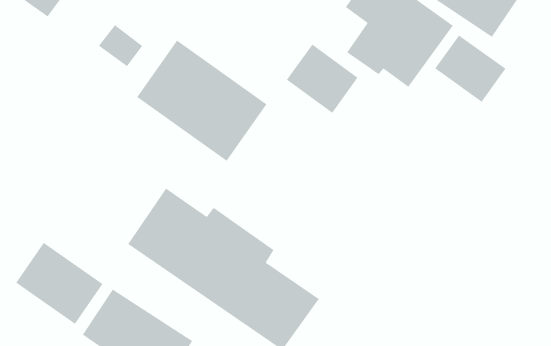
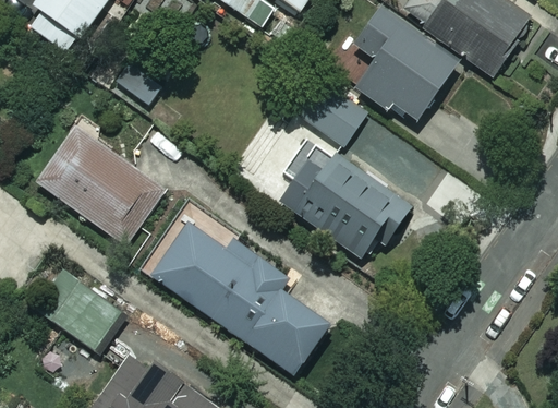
building: [434,34,506,103] -> none
building: [136,39,268,162] -> [35,125,161,243]
building: none -> [279,136,410,262]

